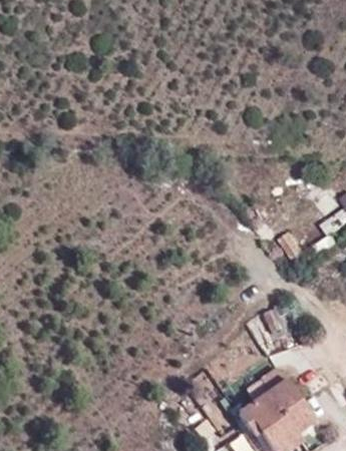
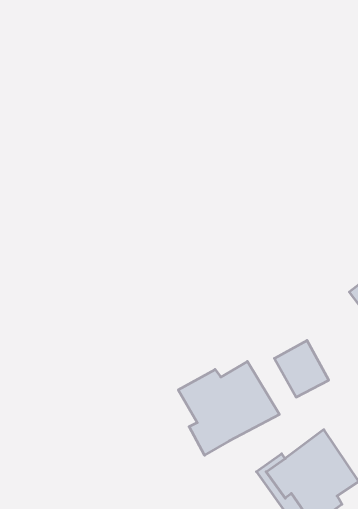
building: none -> [178,361,279,455]

